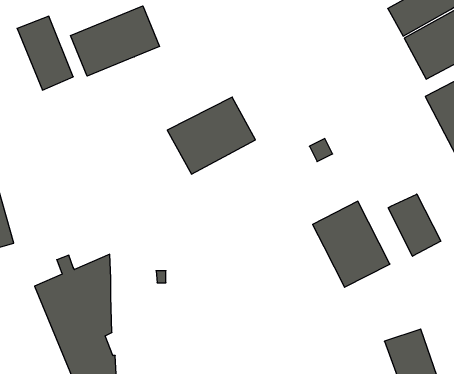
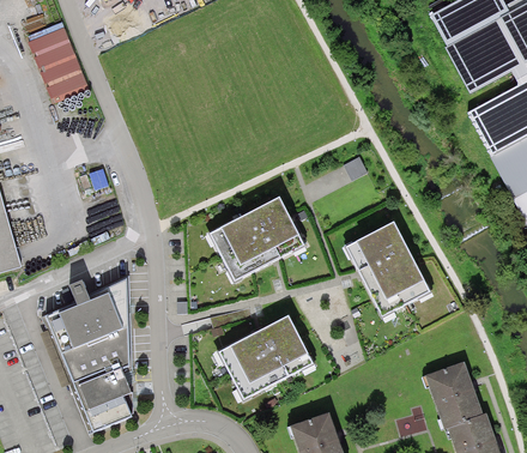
building: [71,6,159,76] -> none
building: [167,97,255,174] -> [208,197,304,280]
building: [388,194,441,256] -> none
building: none -> [218,316,313,400]

